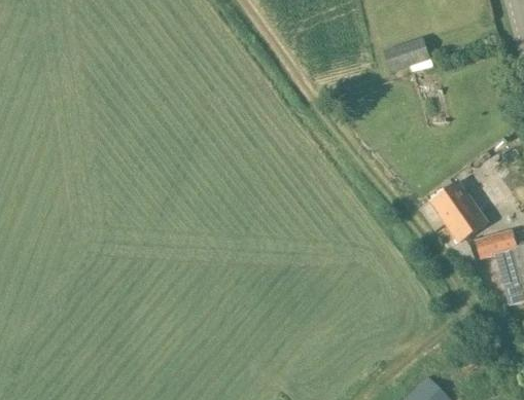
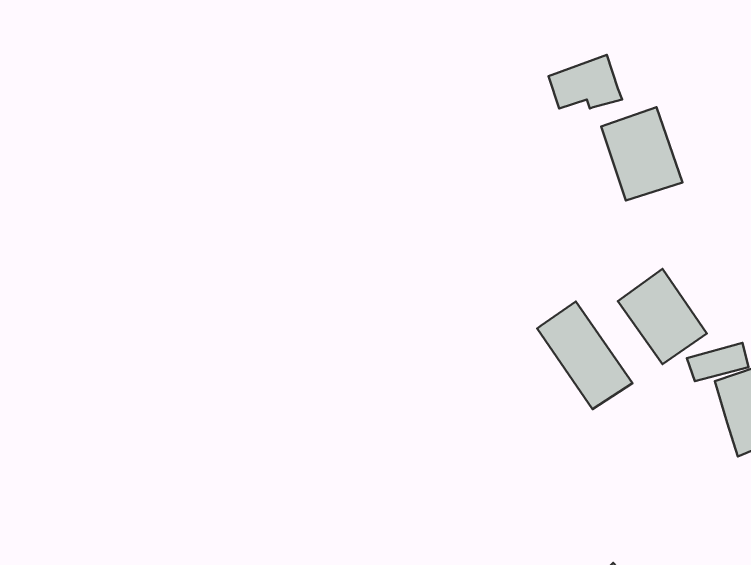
building: none -> [601,107,683,201]
building: none -> [537,302,632,409]

